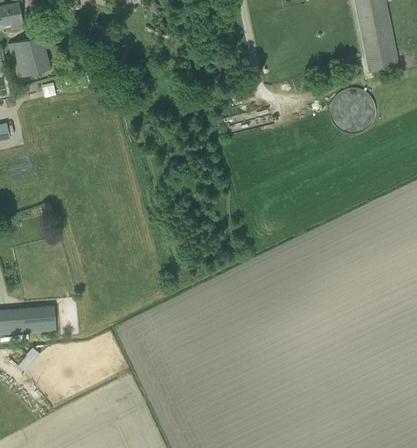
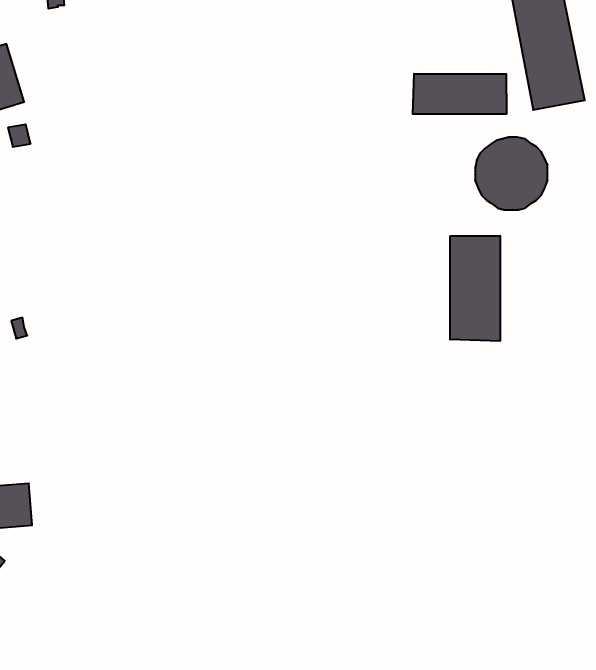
building: none -> [413,74,506,114]
building: none -> [450,236,500,341]

